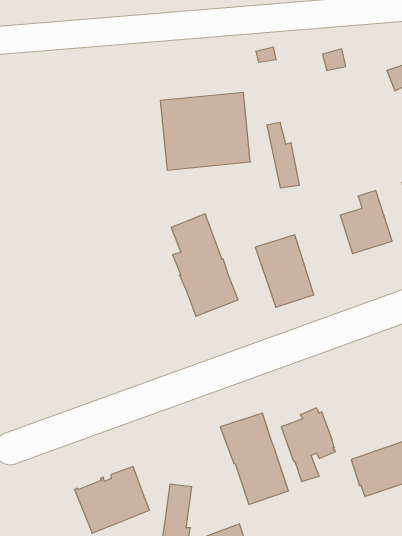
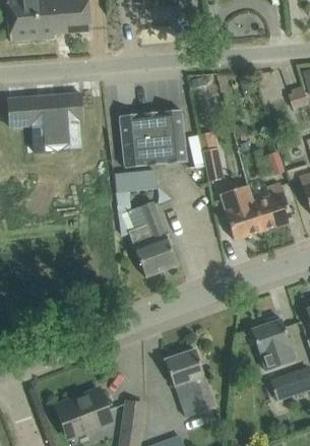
building: none -> [9,92,82,152]
building: none -> [115,171,158,192]
building: [255,235,314,307] -> [220,185,263,239]
building: [281,408,336,482] -> [251,315,292,370]

